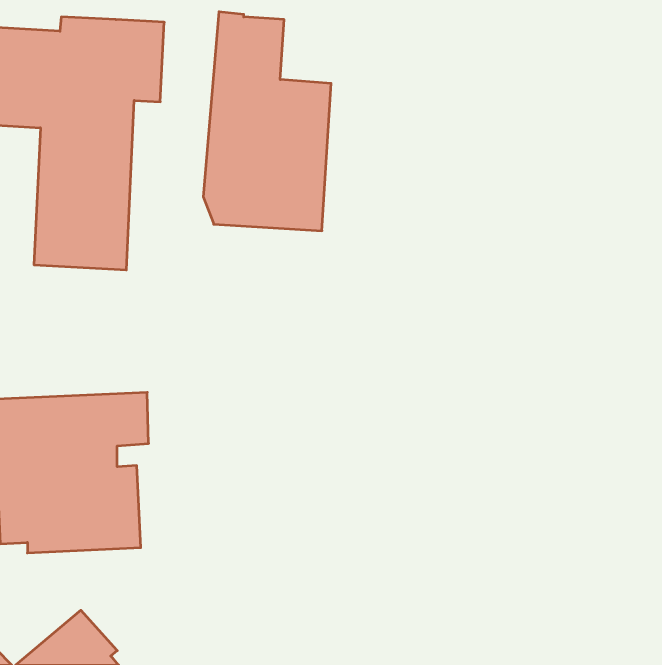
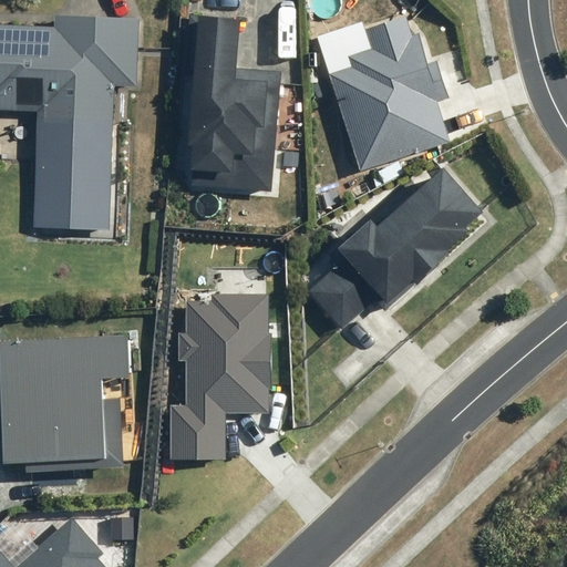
building: none -> [327,19,447,169]
building: none -> [308,171,480,327]
building: none -> [171,295,274,458]

